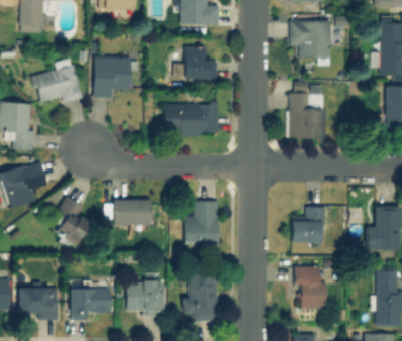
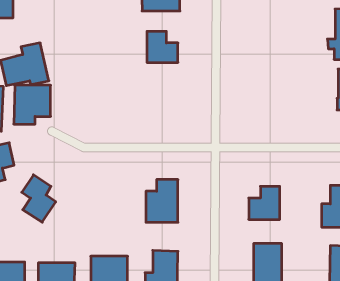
building: [290,21,331,59] -> none
building: [93,56,131,97] -> [14,85,51,124]
building: [288,82,324,139] -> none
building: [165,104,217,136] -> none
building: [112,200,150,225] -> none

